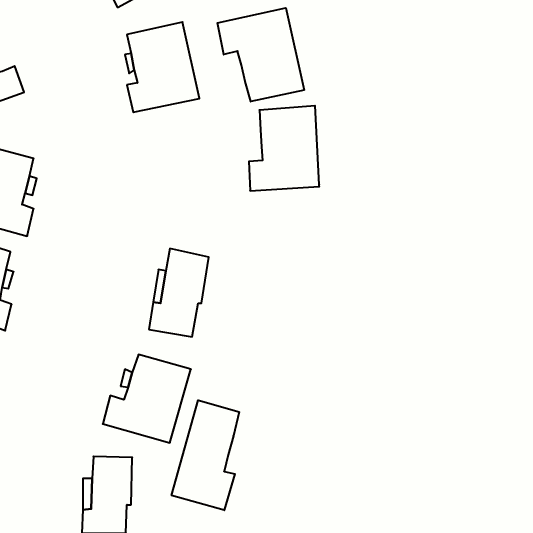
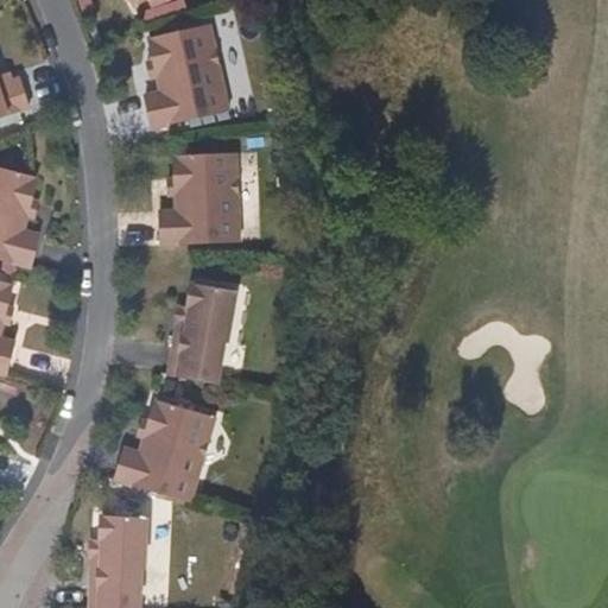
building: [217,8,304,102] -> none
building: [249,106,319,191] -> [160,150,240,246]
building: [172,400,239,510] -> none

